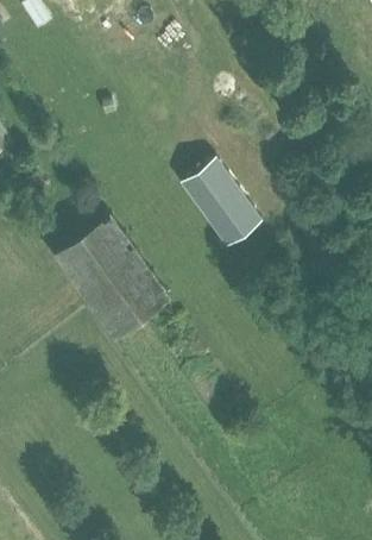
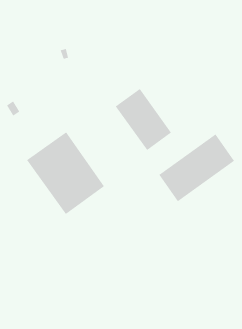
building: none -> [159,134,235,202]

